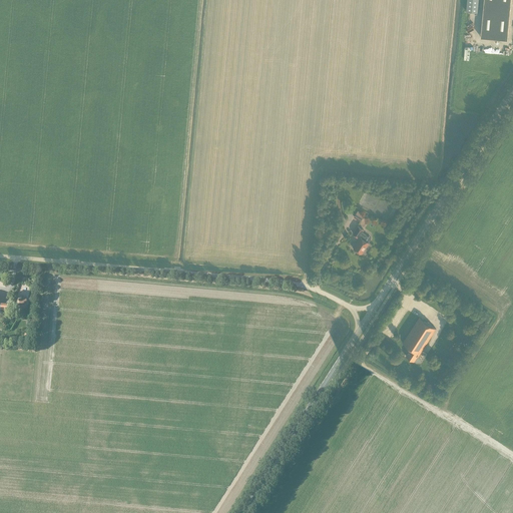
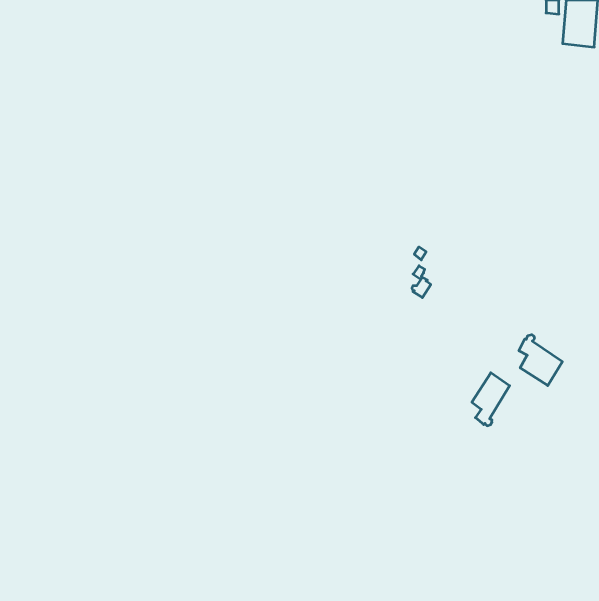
building: none -> [519,335,562,386]

